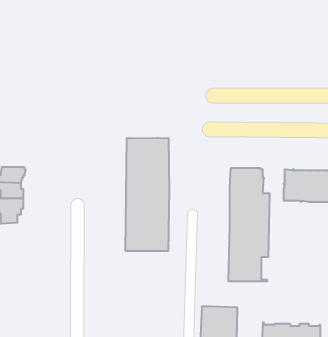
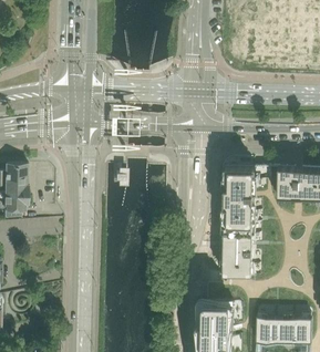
building: [126,138,169,251] -> none

